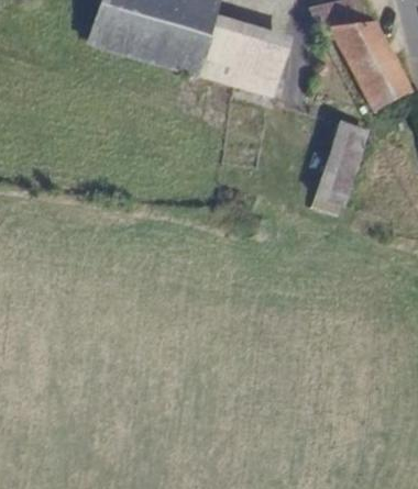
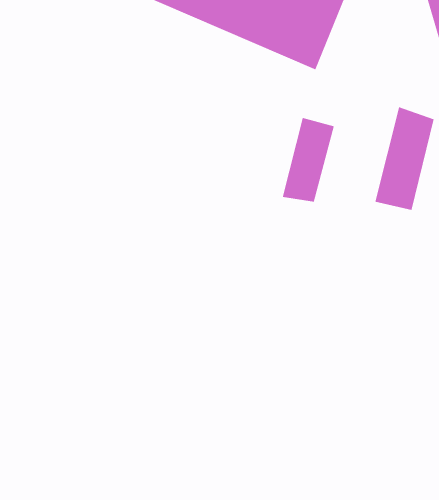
building: none -> [282,117,334,202]

